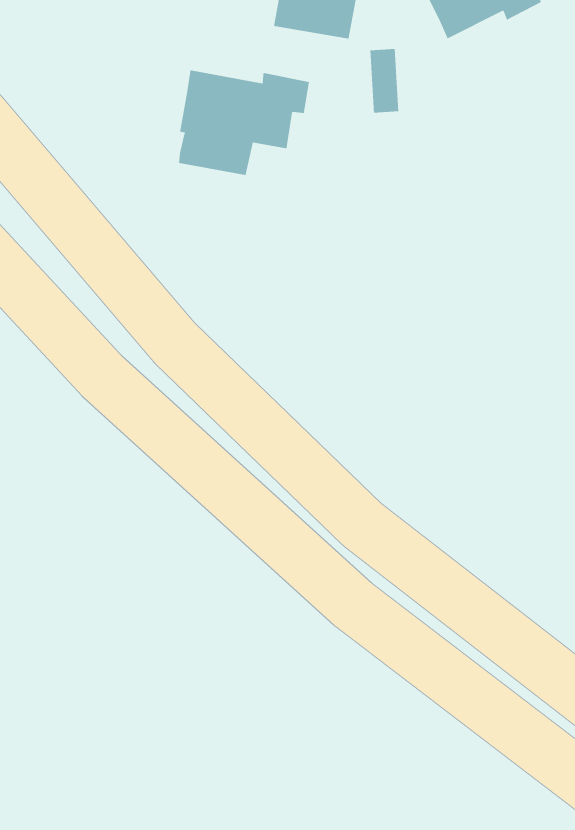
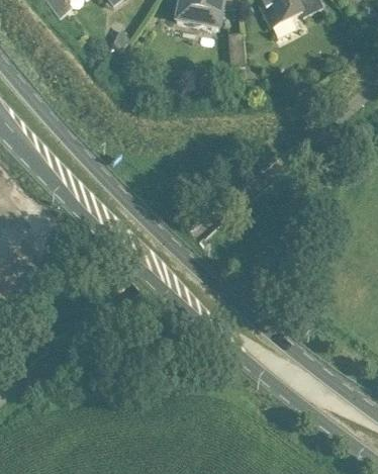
building: [178,69,309,176] -> none

